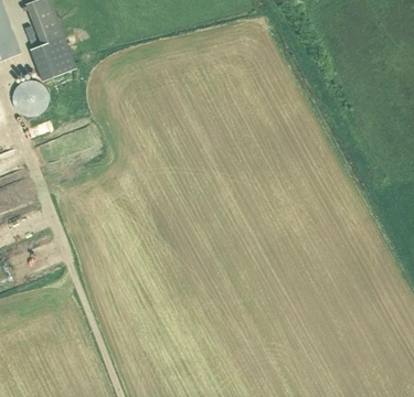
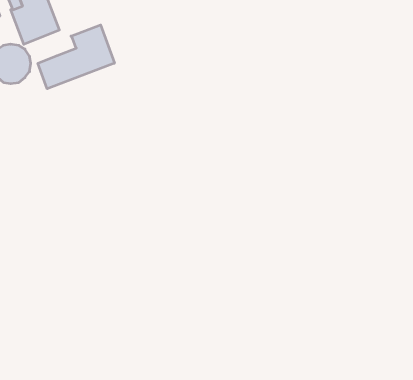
building: none -> [38,25,114,89]

